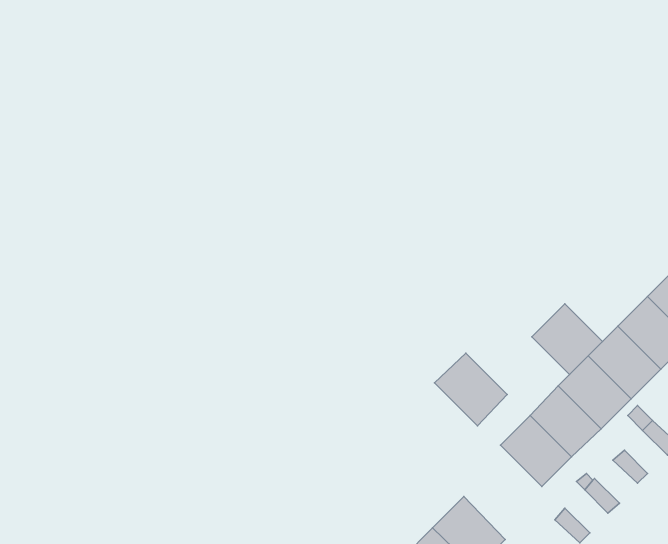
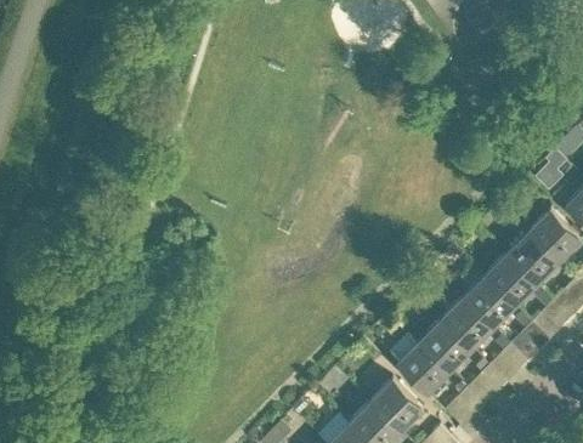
building: [532,304,602,375] -> none
building: [434,353,507,426] -> [396,342,449,396]

